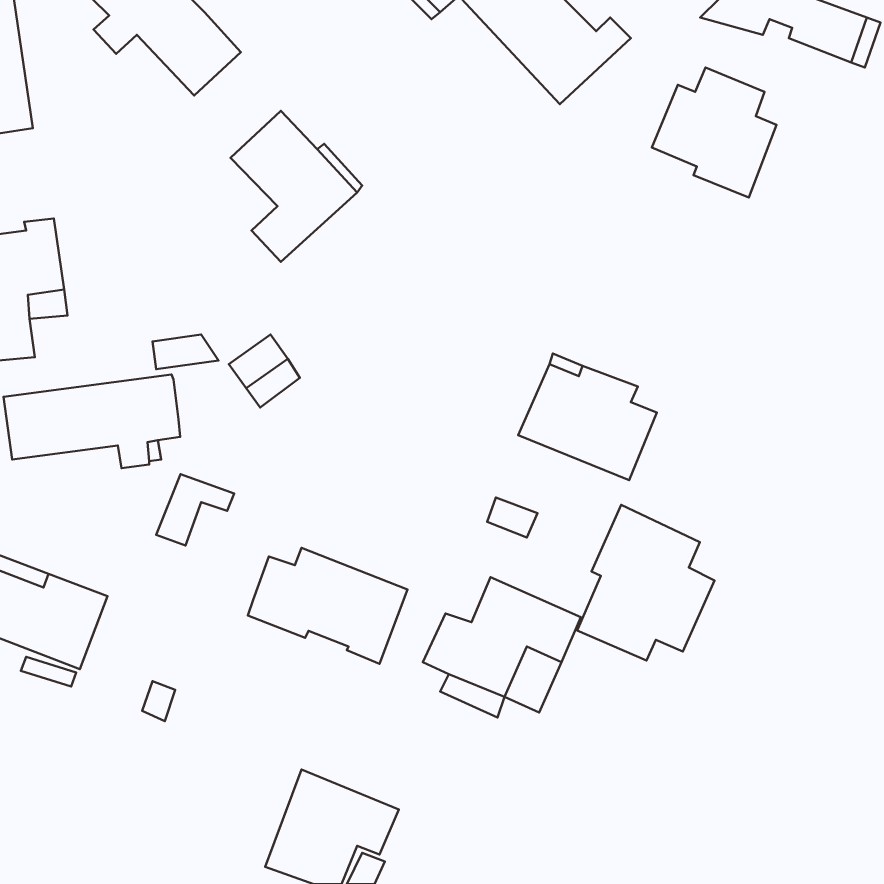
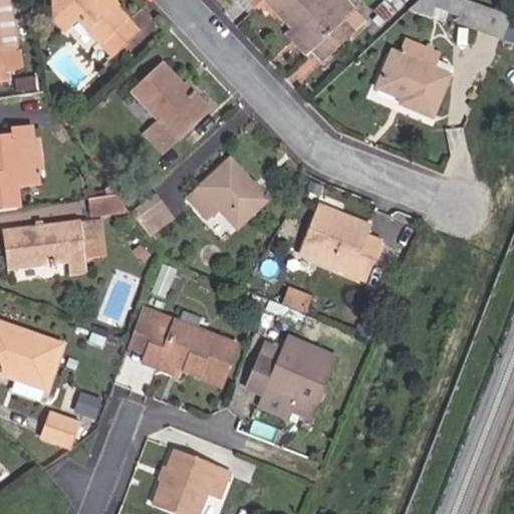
building: none -> [188,159,270,227]
building: [156,474,234,545] -> [130,306,175,347]
building: [577,505,714,661] -> none
building: none -> [39,411,78,444]

